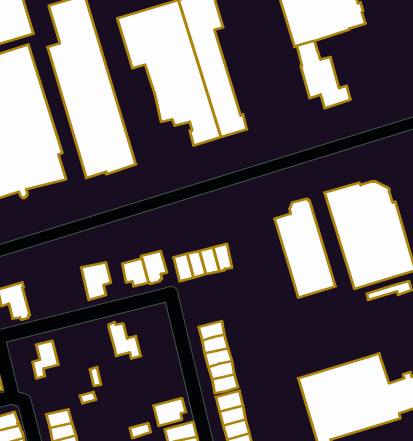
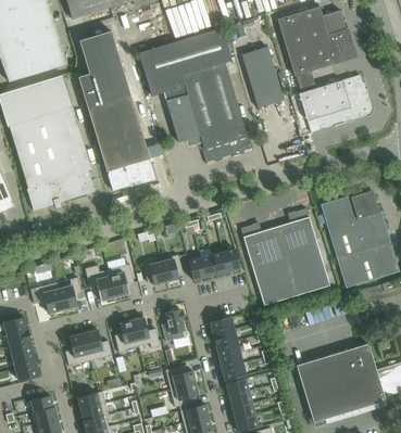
building: none -> [241,47,284,109]
building: none -> [325,75,373,123]
building: none -> [241,225,297,306]
building: none -> [85,265,114,301]
building: none -> [57,278,80,310]
building: none -> [160,307,186,341]
building: none -> [114,321,138,353]
building: none -> [83,329,112,357]
building: none -> [165,367,197,390]

